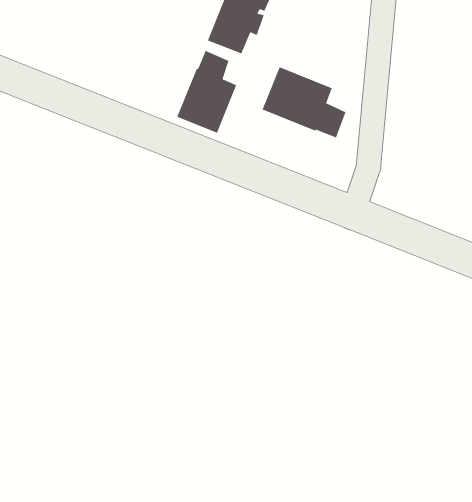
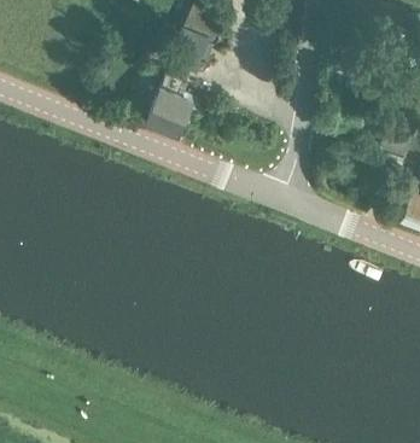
building: [261,66,346,138] -> none

